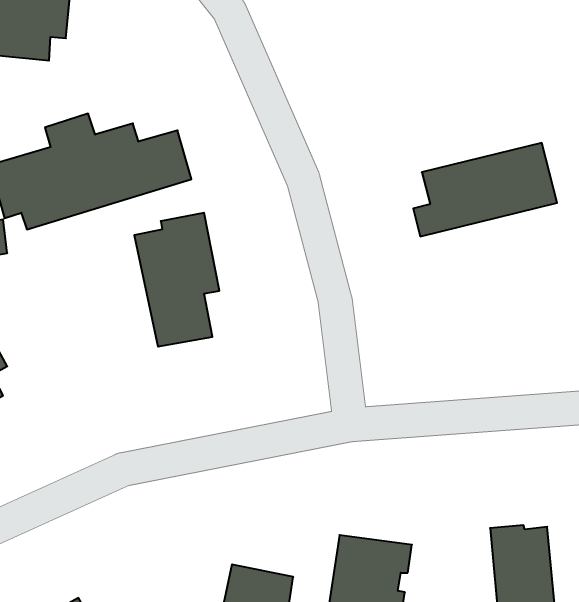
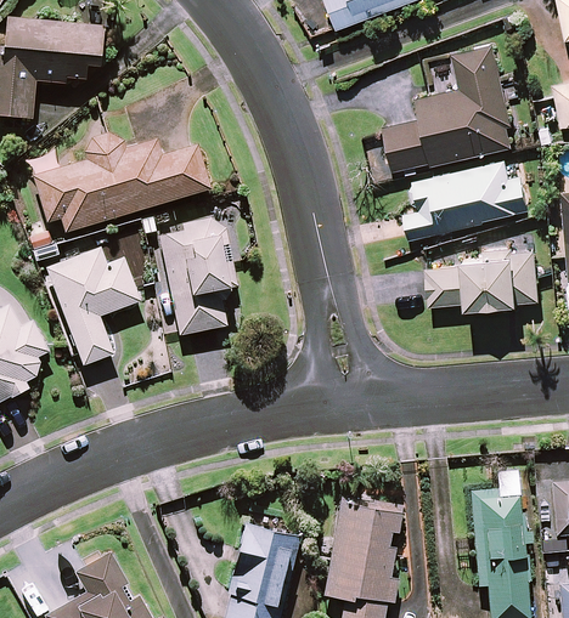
building: none -> [382,44,514,174]
building: none -> [47,249,139,367]
building: none -> [424,249,536,308]

